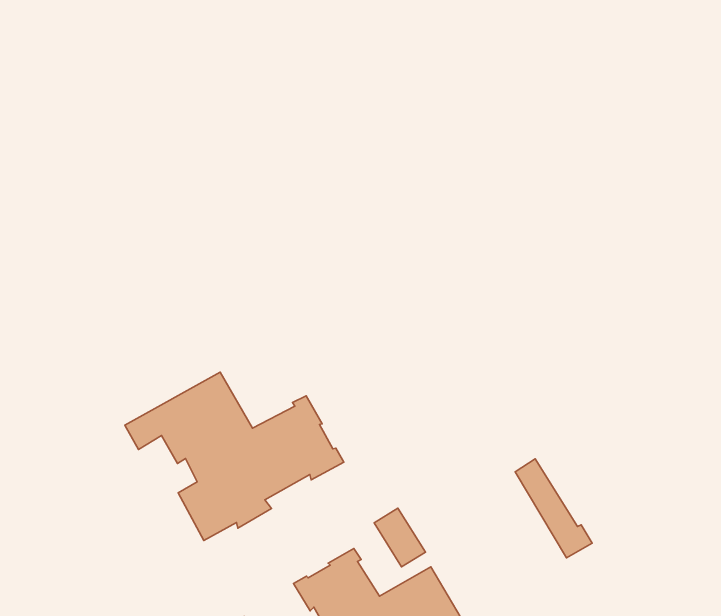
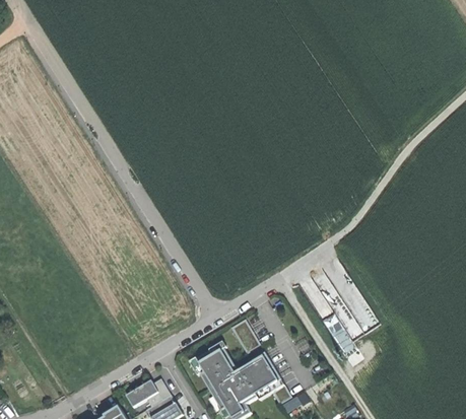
building: [125,372,344,540] -> none

